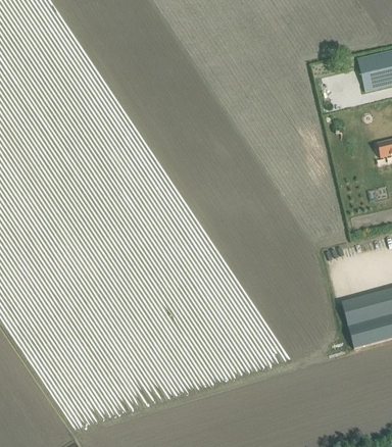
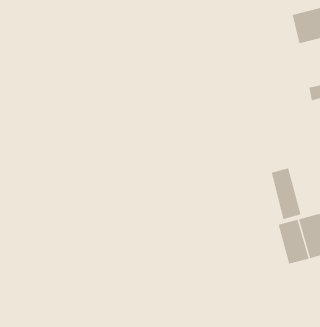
building: none -> [271,167,301,220]

